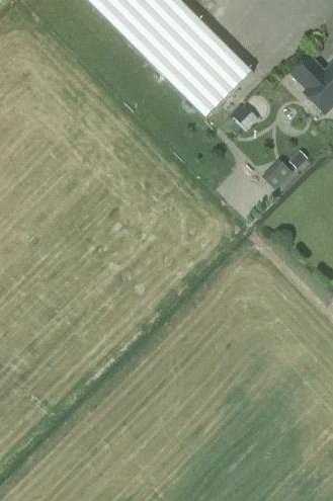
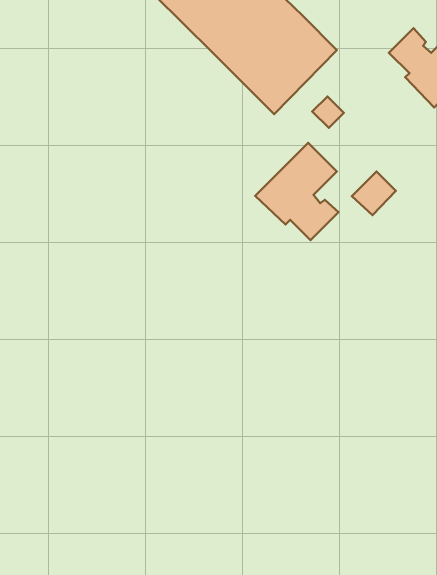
building: none -> [255,143,339,240]

